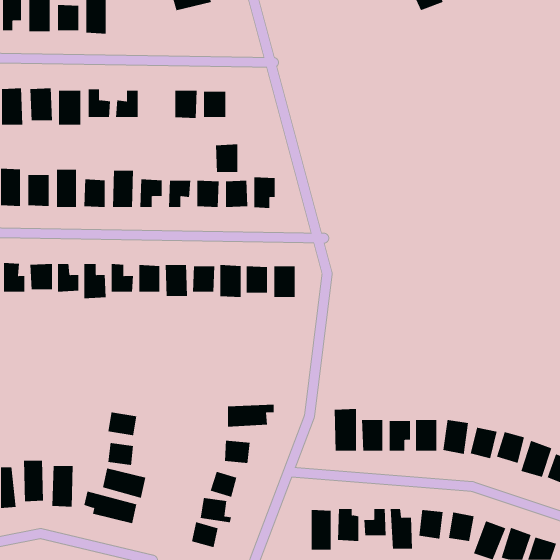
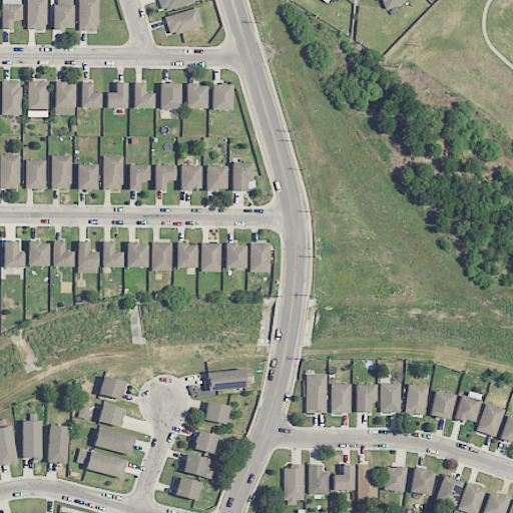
building: none -> [164,6,203,35]
building: none -> [133,82,154,108]
building: [215,144,238,173] -> [211,83,232,109]

